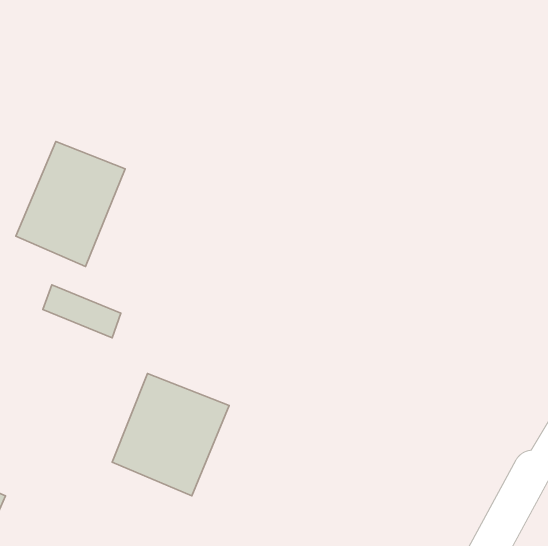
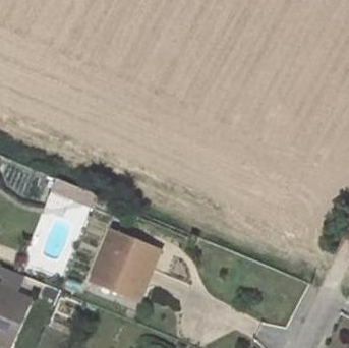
building: [16,141,125,266] -> none

